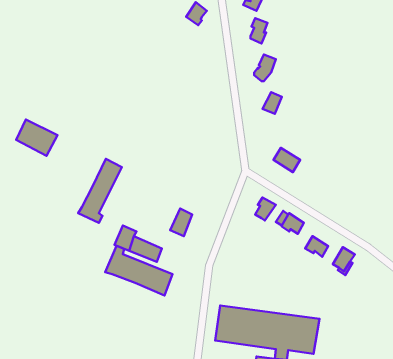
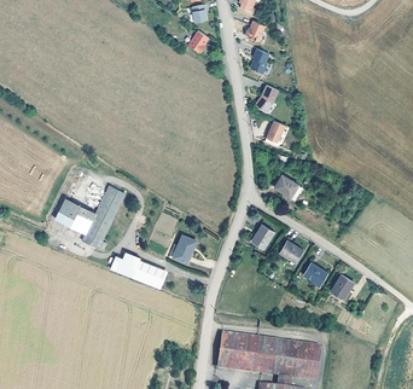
building: [16,119,57,156] -> [54,198,95,234]
building: [105,246,172,295] -> none

